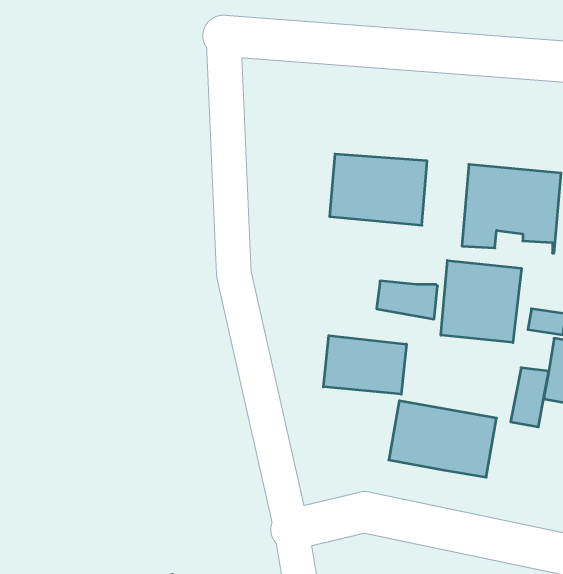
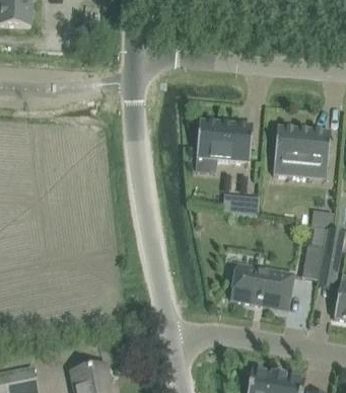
building: [441,260,521,343] -> none
building: [323,336,406,394] -> none

